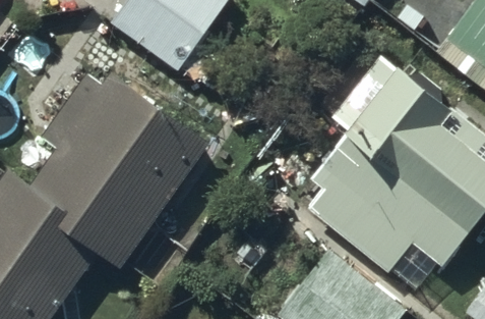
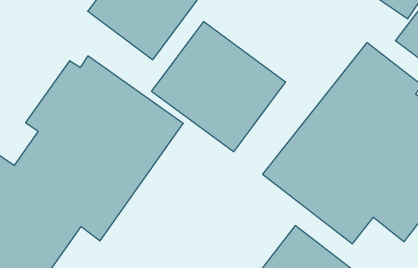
building: none -> [152,21,286,152]

